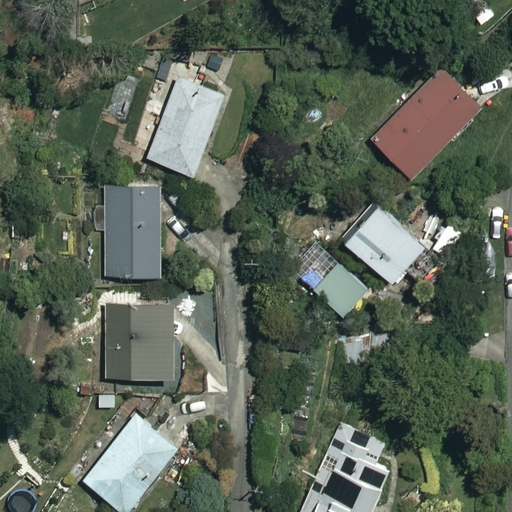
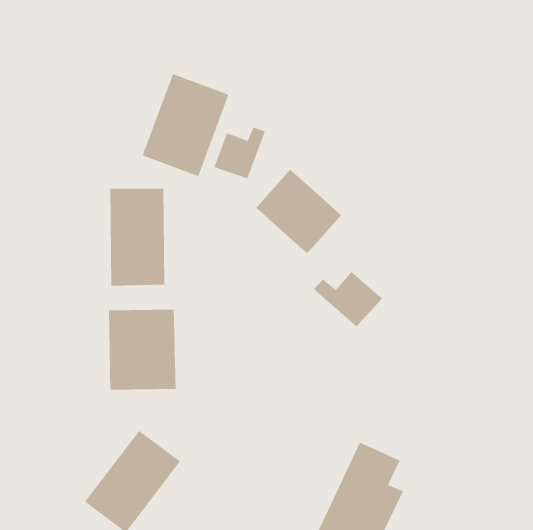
building: [371,70,480,179] -> none
building: none -> [214,127,265,179]
building: [340,202,422,283] -> [256,169,342,254]

